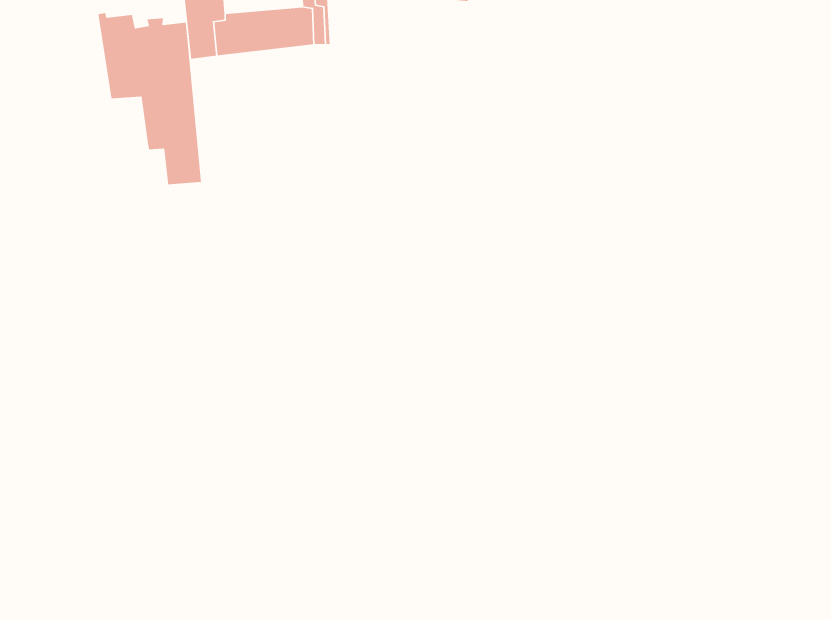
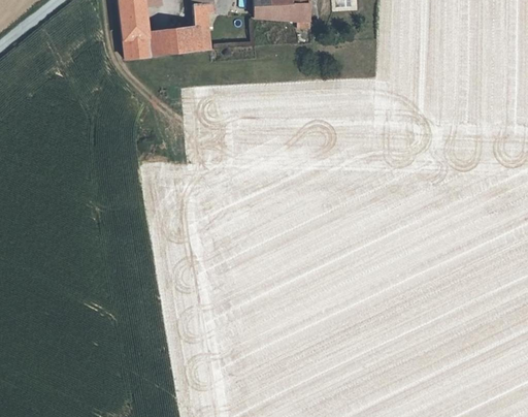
building: [98,12,202,185] -> none

